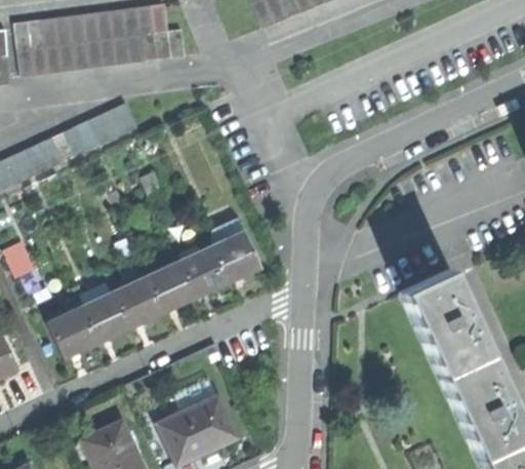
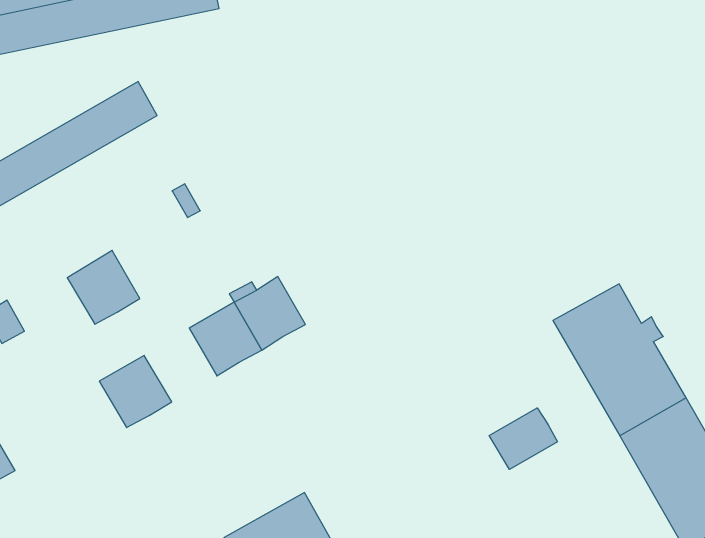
building: [211,230,260,280] -> none
building: [114,276,163,326] -> [67,250,140,324]
building: [48,308,97,357] -> none
building: none -> [489,408,557,469]

